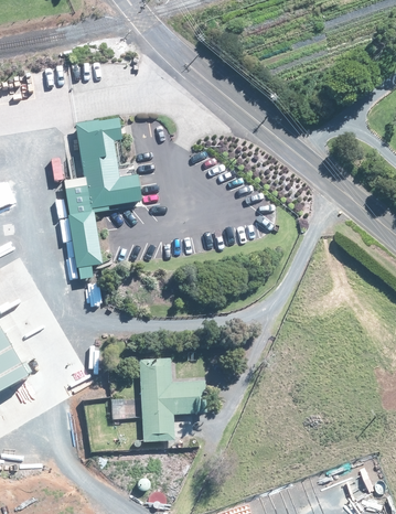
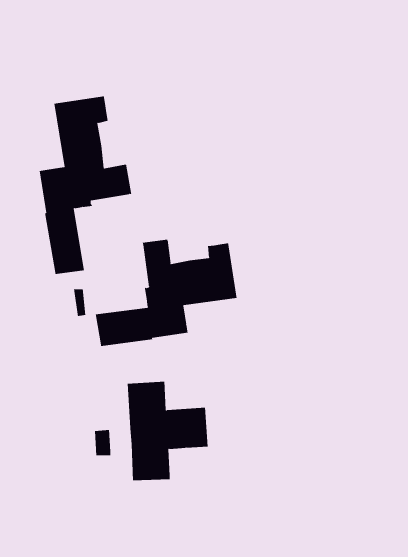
building: none -> [95,239,237,347]

